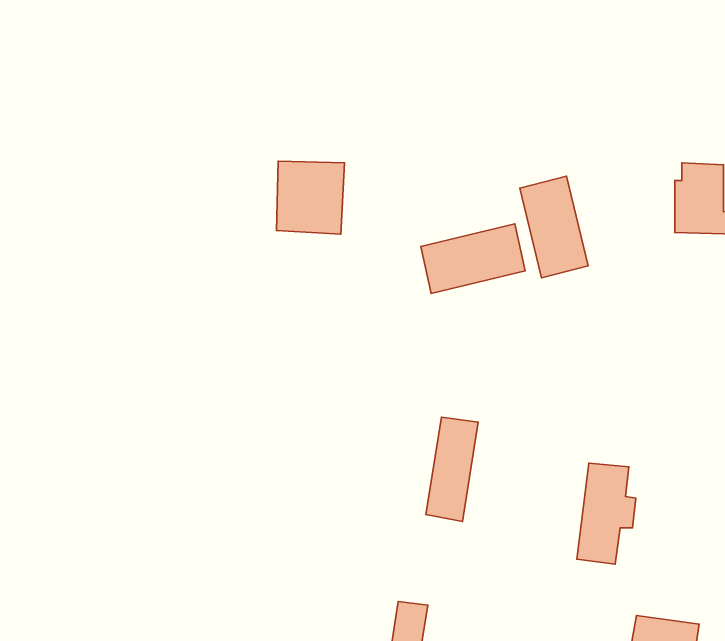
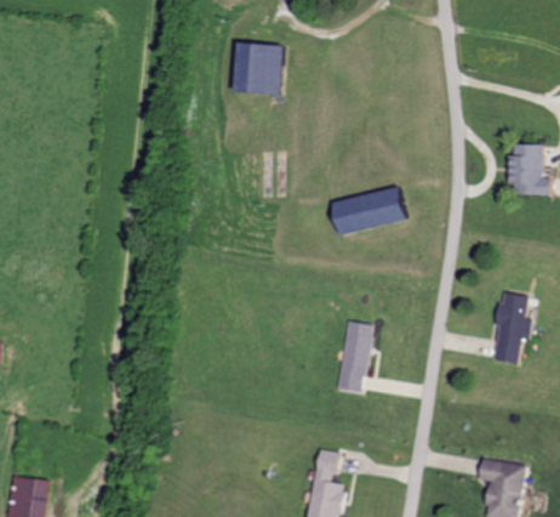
building: [277,161,344,234] -> [236,42,284,93]
building: [520,176,588,278] -> none
building: [577,463,636,564] -> [493,292,535,363]

